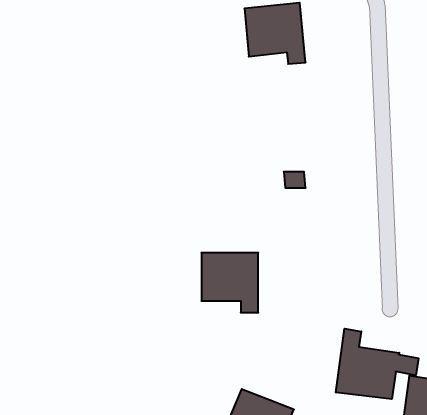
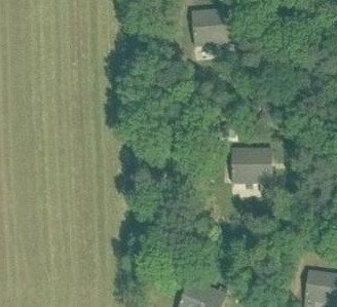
building: [201,253,258,313] -> [231,147,271,189]
building: [336,329,419,399] -> none

